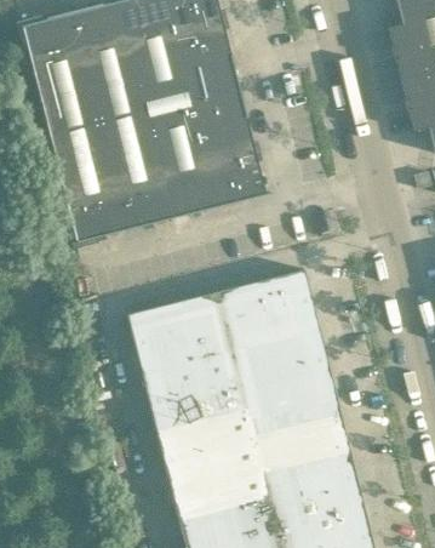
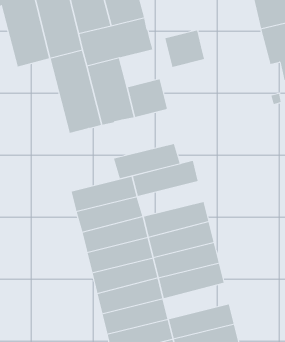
building: [195,109,253,164] -> [164,30,205,67]
building: [47,122,122,249] -> none
building: [221,299,317,350] -> [113,143,180,179]
building: [258,446,354,498] -> none

